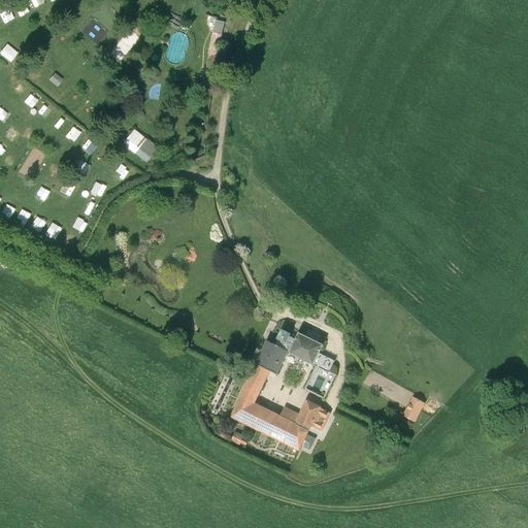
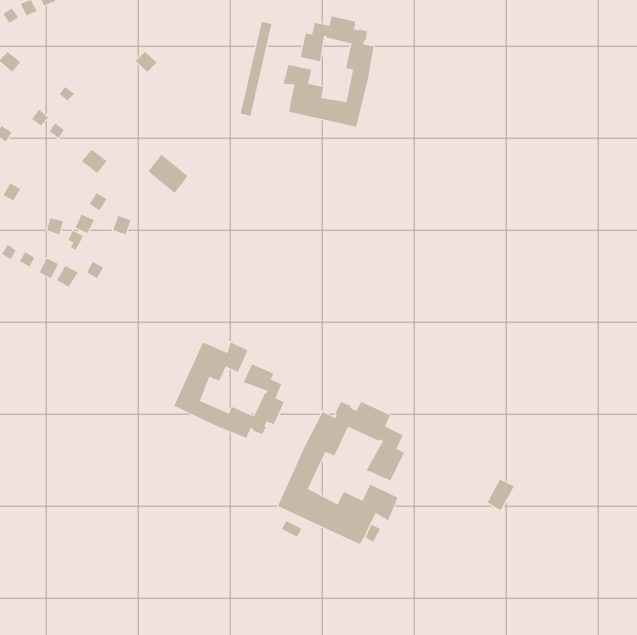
building: none -> [283,16,374,128]
building: none -> [174,342,285,439]

